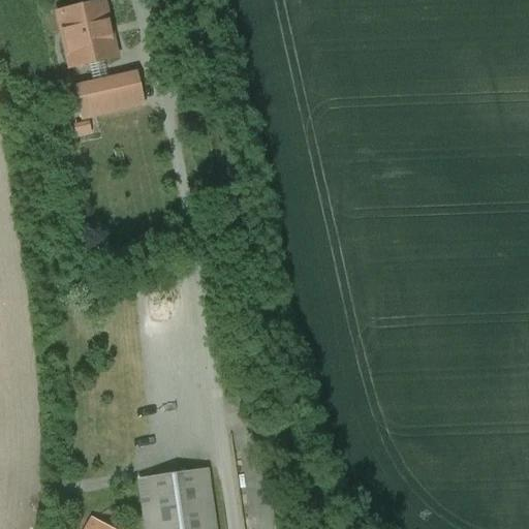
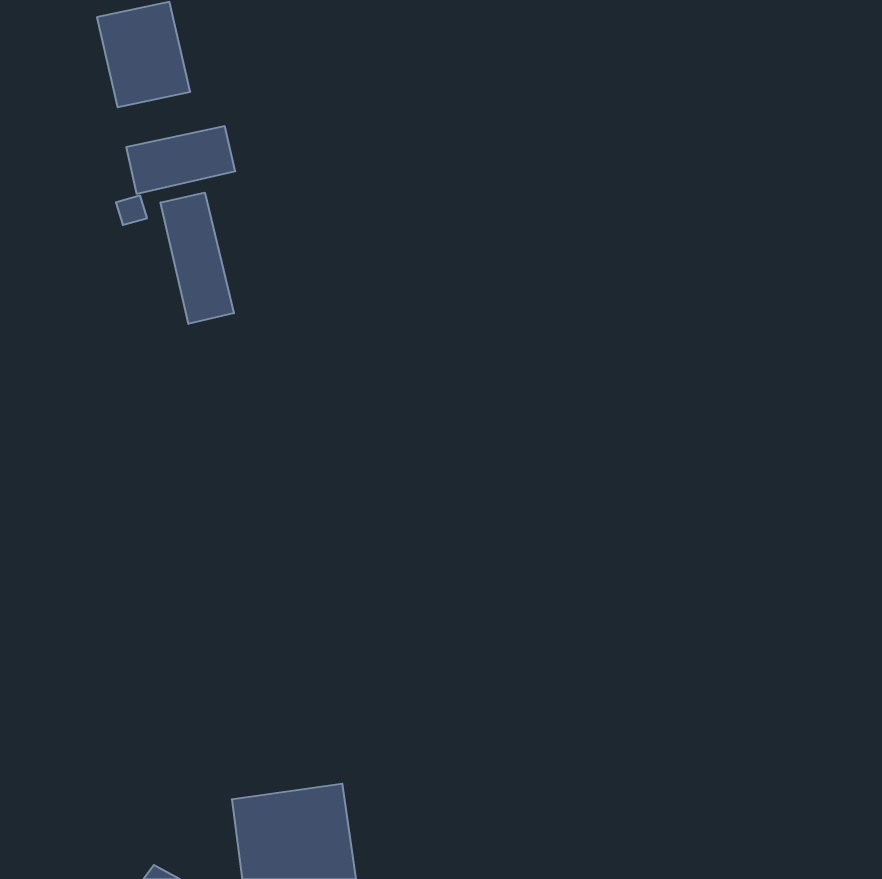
building: none -> [161,193,234,324]

